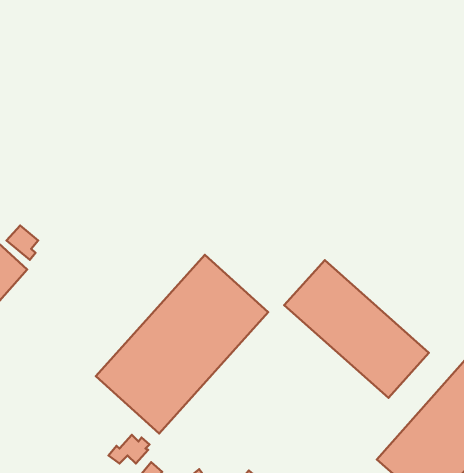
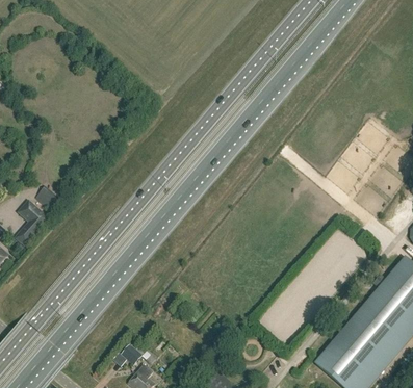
building: [96,255,268,434] -> none
building: [284,260,429,398] -> none

